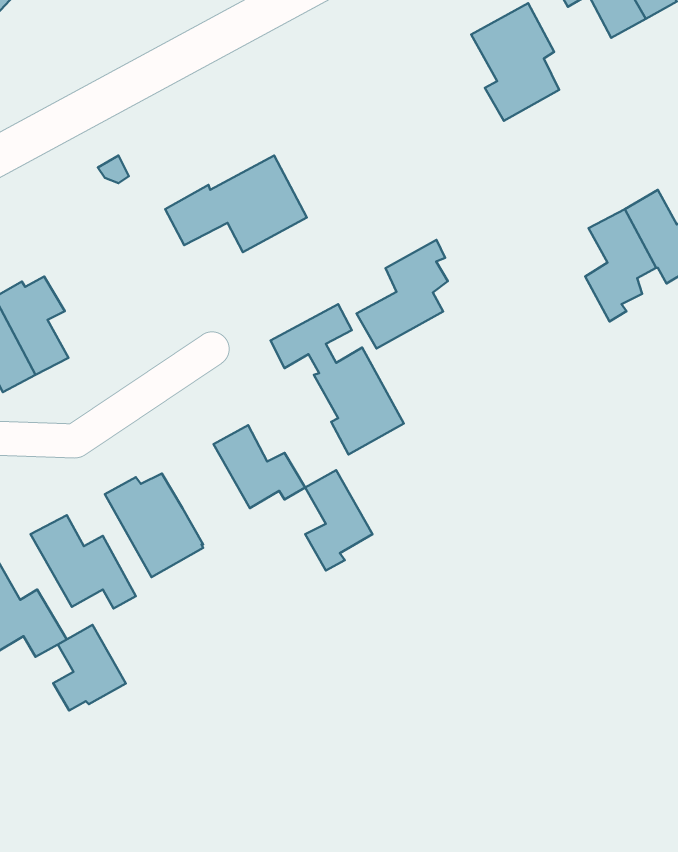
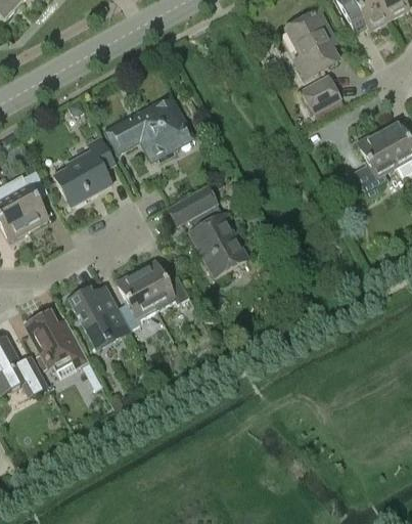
building: none -> [297,74,342,120]
building: none -> [53,136,115,207]
building: [357,240,448,349] -> none
building: [305,470,373,570] -> [116,270,155,330]
building: [53,625,126,710] -> none

